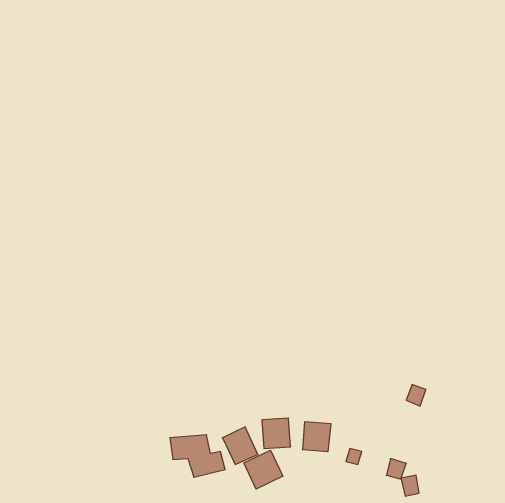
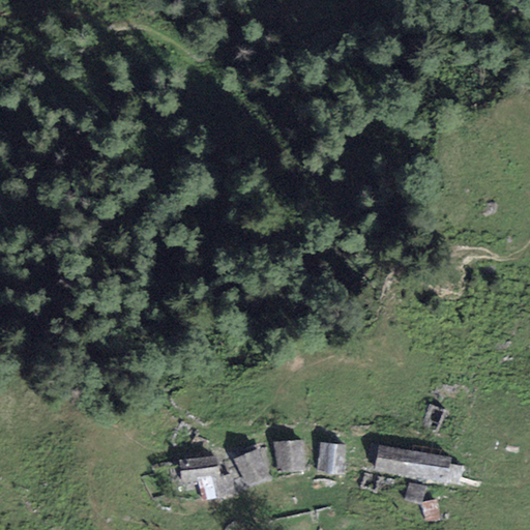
building: none -> [374,442,462,485]
building: [244,450,283,489] -> none

